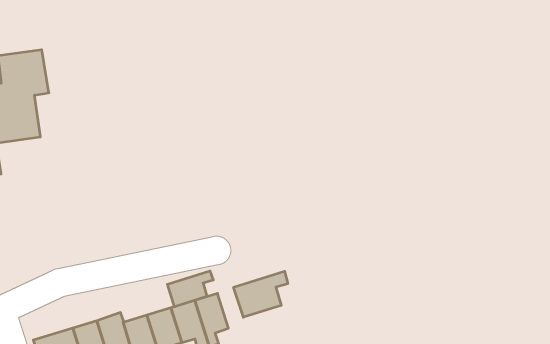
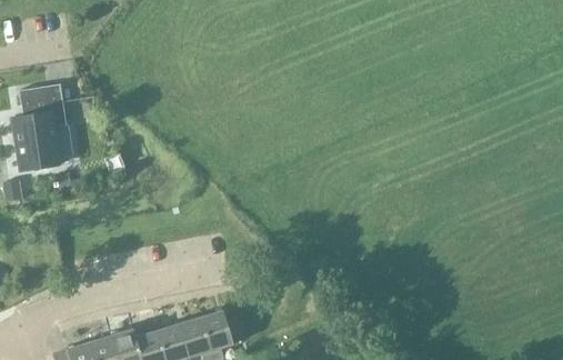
building: [167,271,213,307] -> none
building: [234,271,288,317] -> none

